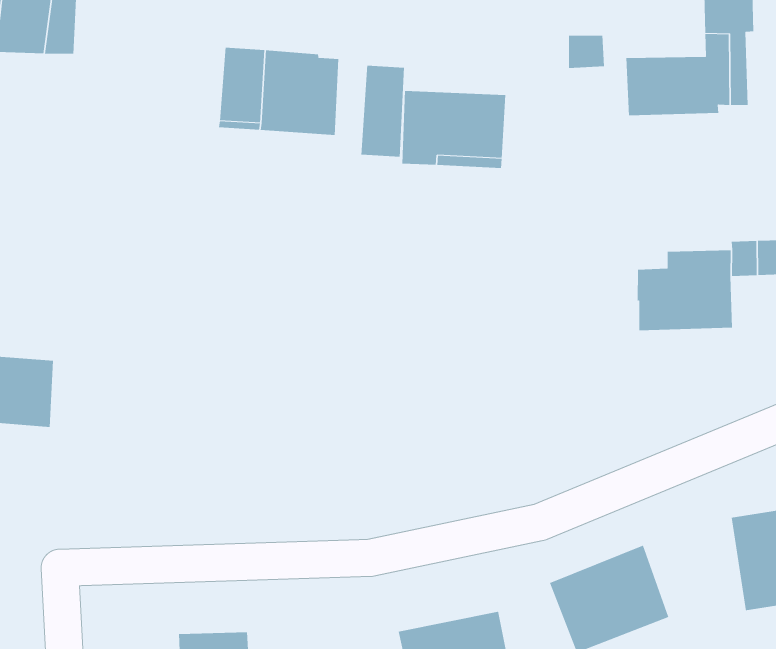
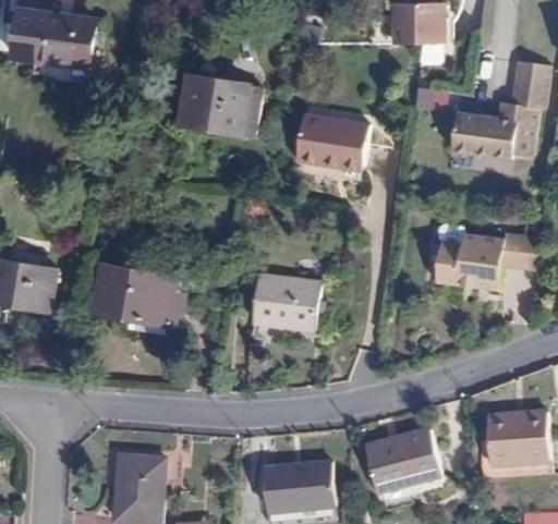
building: [361,65,404,158] -> none
building: none -> [252,273,318,331]
building: none -> [93,263,175,325]

